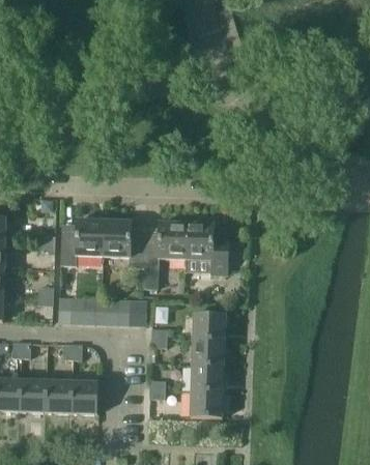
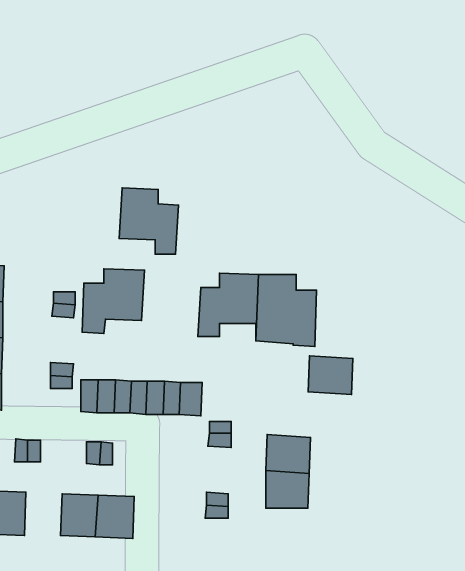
building: [103,220,145,267] -> [119,188,178,254]
building: [193,312,225,340] -> [308,356,353,395]
building: [19,379,46,410] -> none
building: [191,390,222,416] -> none

